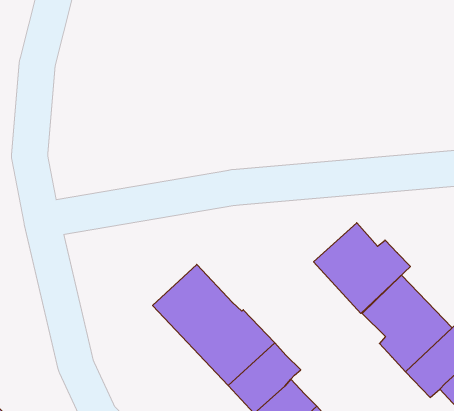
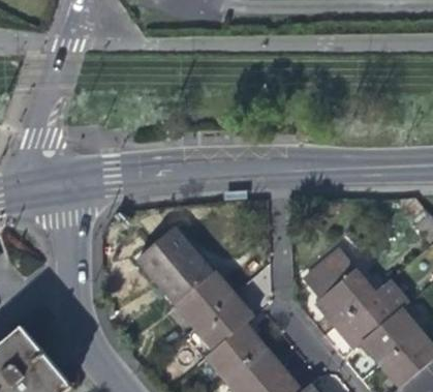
building: [314,223,410,313] -> none

